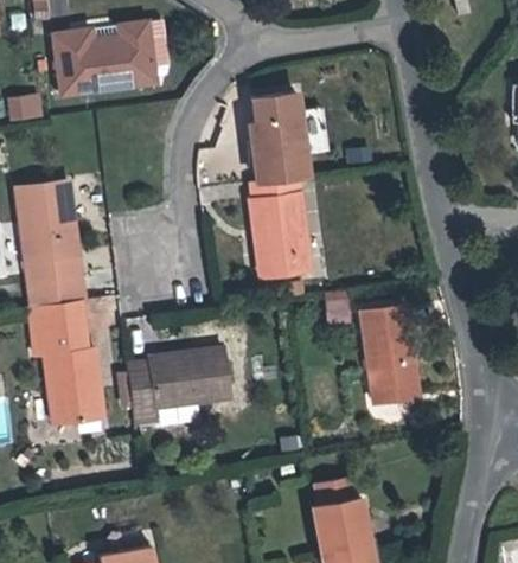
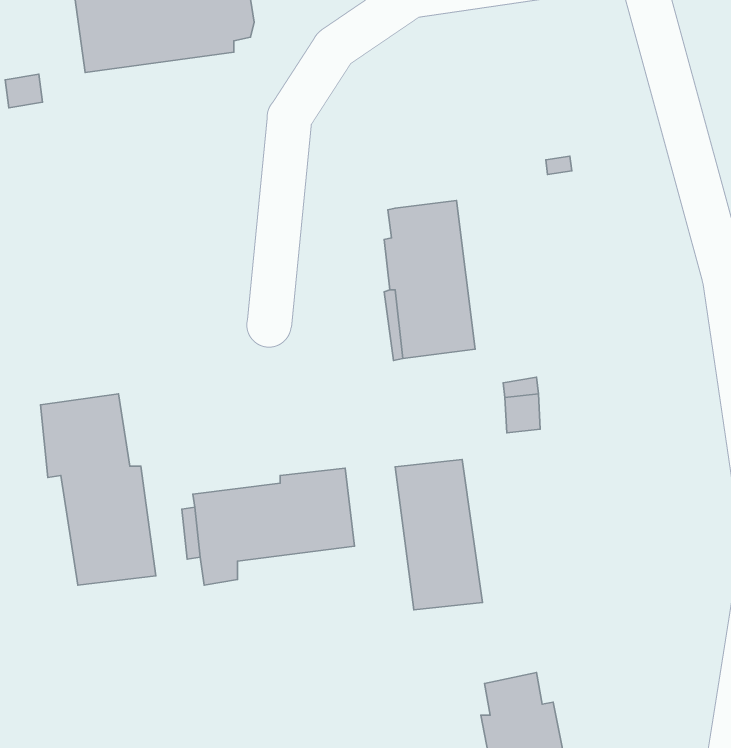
building: [250,94,307,181] -> none
building: [15,181,87,307] -> none
building: [362,306,417,402] -> [395,460,482,610]

